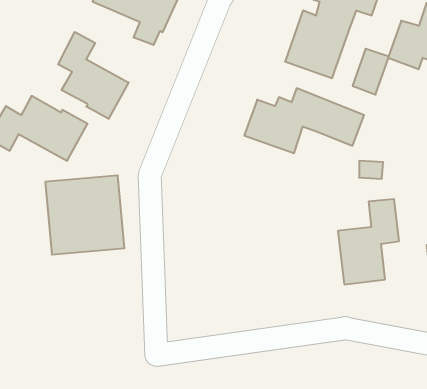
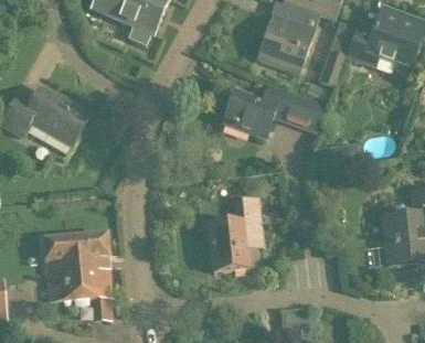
building: [58,32,129,119] -> none
building: [45,176,124,255] -> [42,233,110,301]
building: [338,199,399,284] -> [208,197,261,271]

